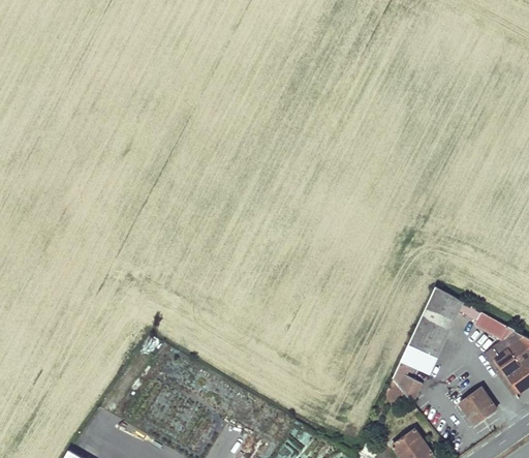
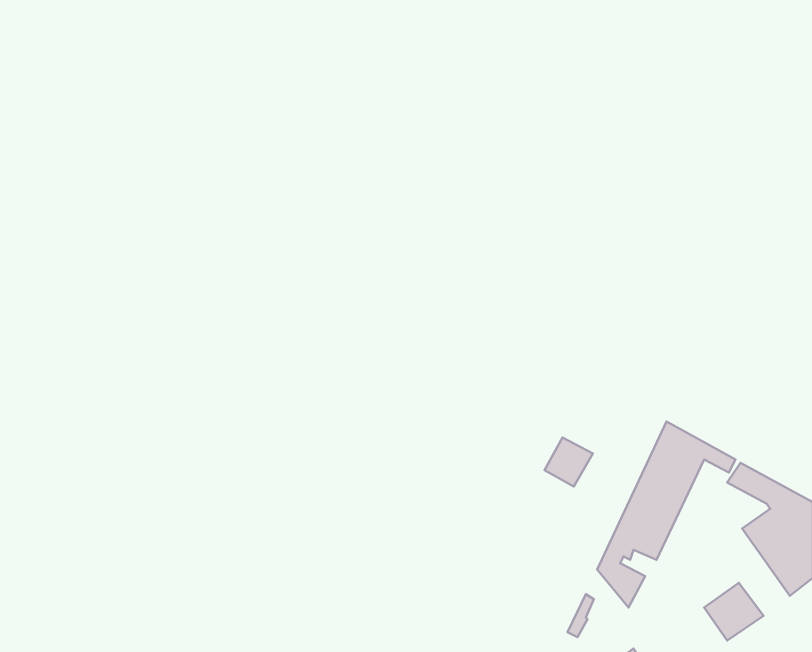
building: none -> [545,438,593,486]

